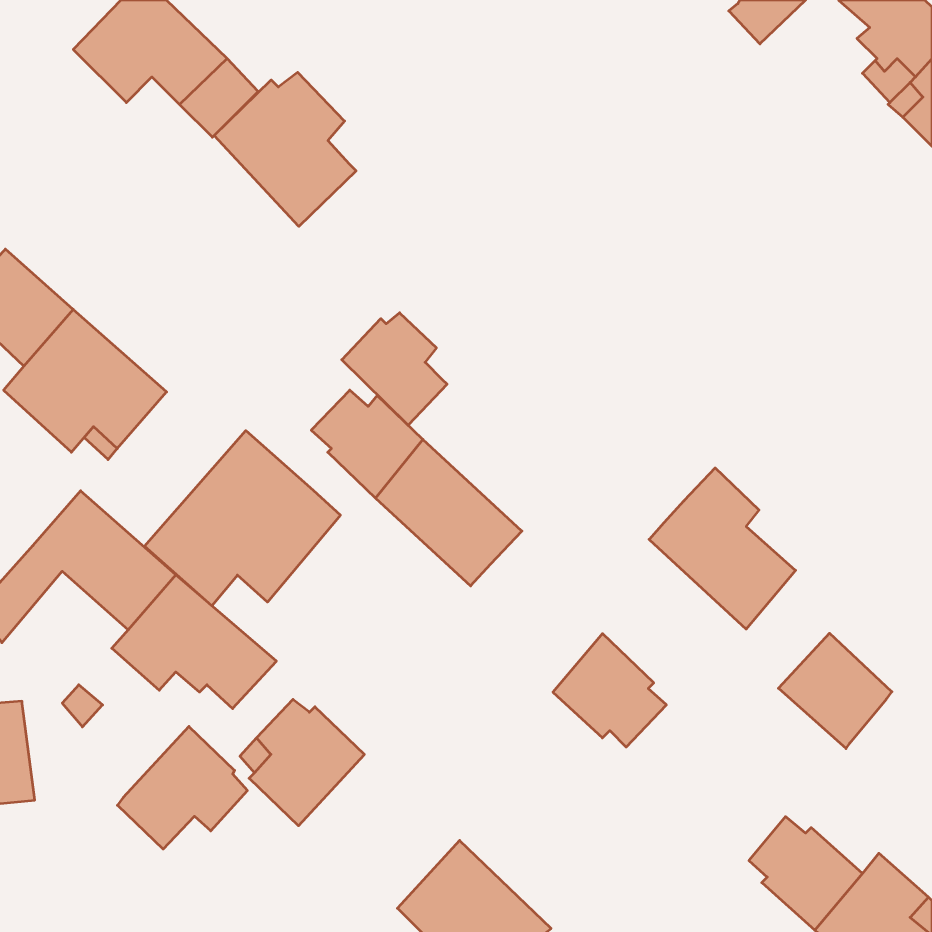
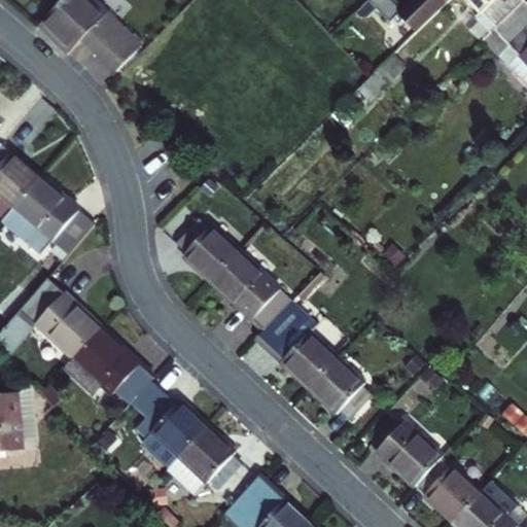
building: [214,72,356,226] -> none
building: [342,313,447,425] -> none
building: [145,431,340,606] -> none
building: [649,468,796,629] -> [256,301,339,391]
building: [778,633,892,749] -> [381,424,445,489]
building: [117,726,247,849] -> [165,426,238,495]

